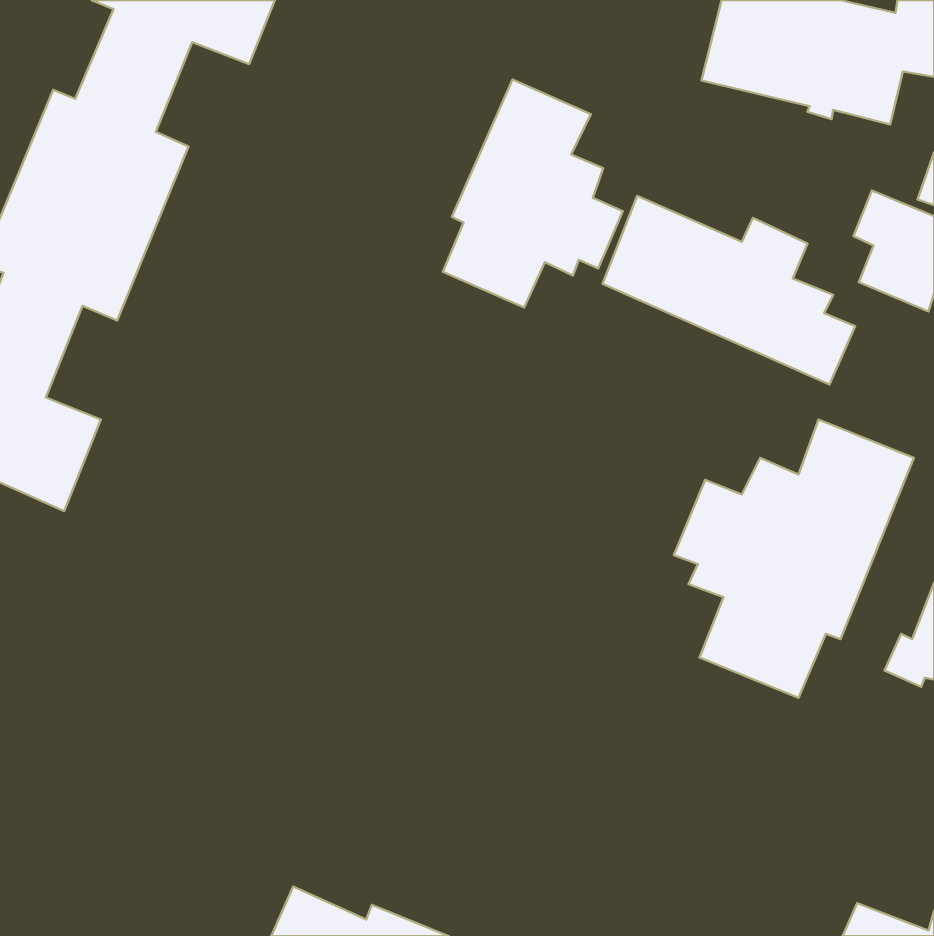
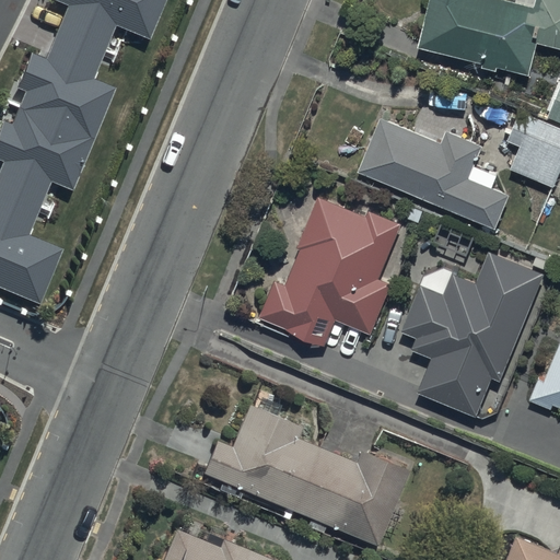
building: [443,79,623,308] -> none
building: none -> [261,197,402,347]
building: none -> [198,407,407,547]

